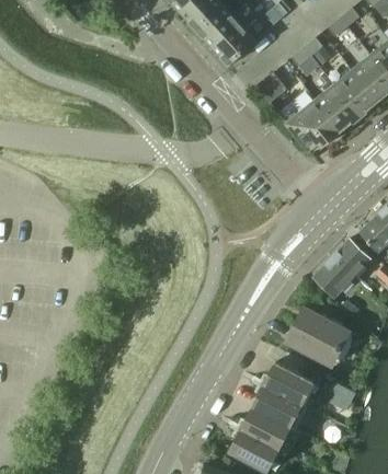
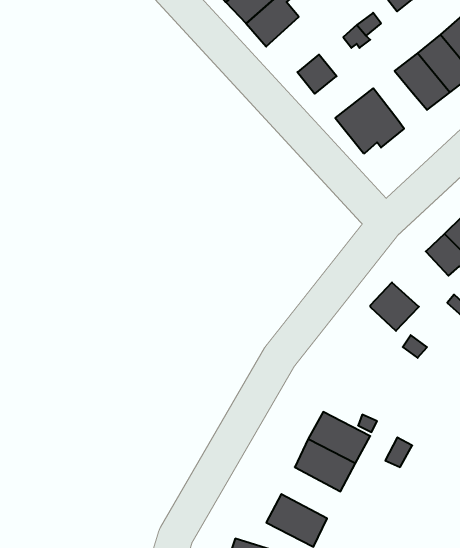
building: [316,85,360,132] -> none
building: [331,239,370,277] -> none
building: [285,308,351,366] -> none
building: [241,407,289,449] -> none

